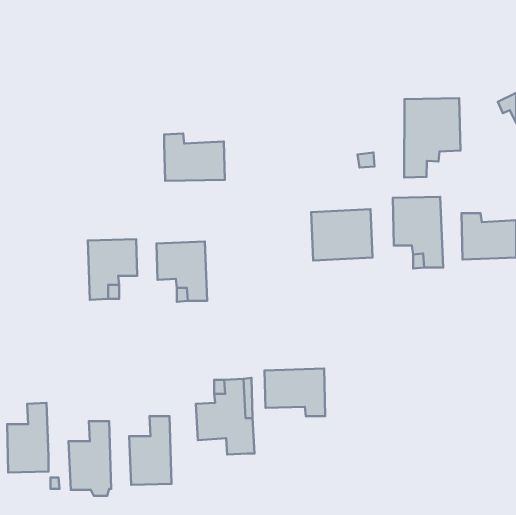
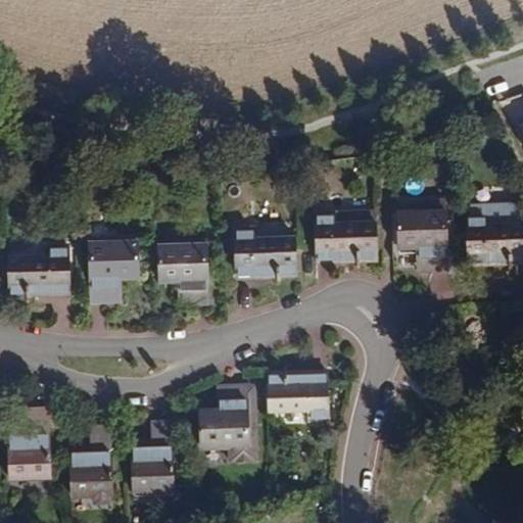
building: [404,98,460,178] -> none
building: [164,133,225,181] -> [235,229,296,277]
building: none -> [8,247,69,296]

